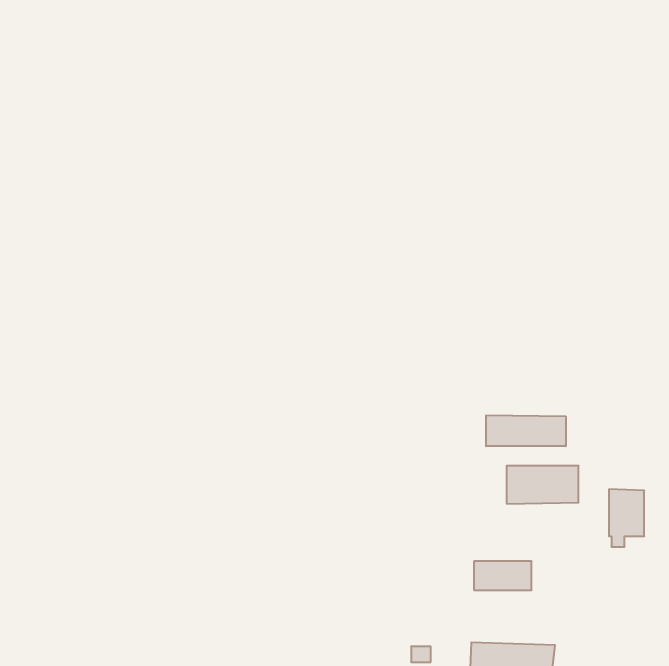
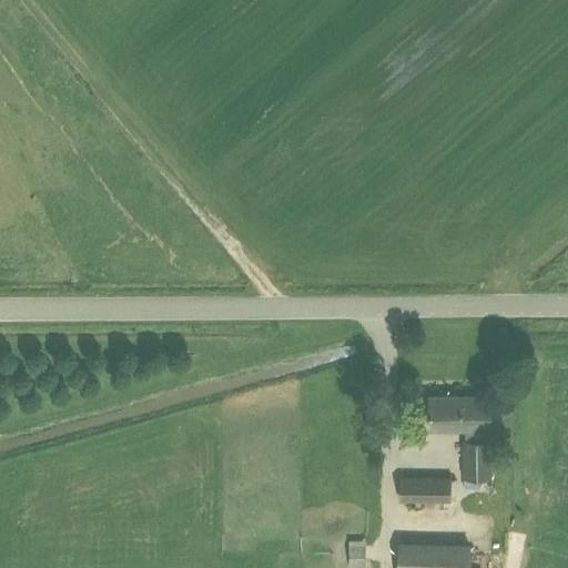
building: [486,415,566,446] -> none
building: [609,489,644,547] -> [462,440,491,489]

